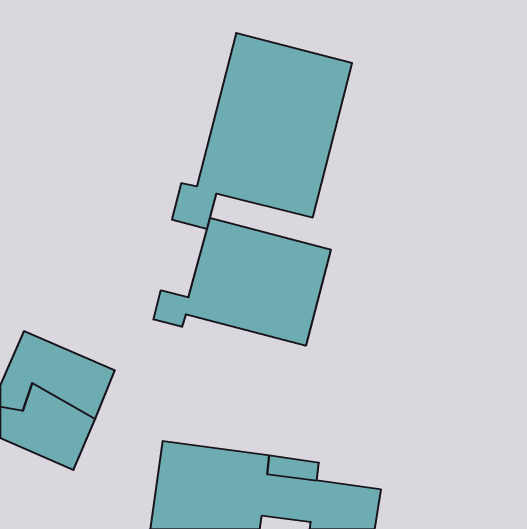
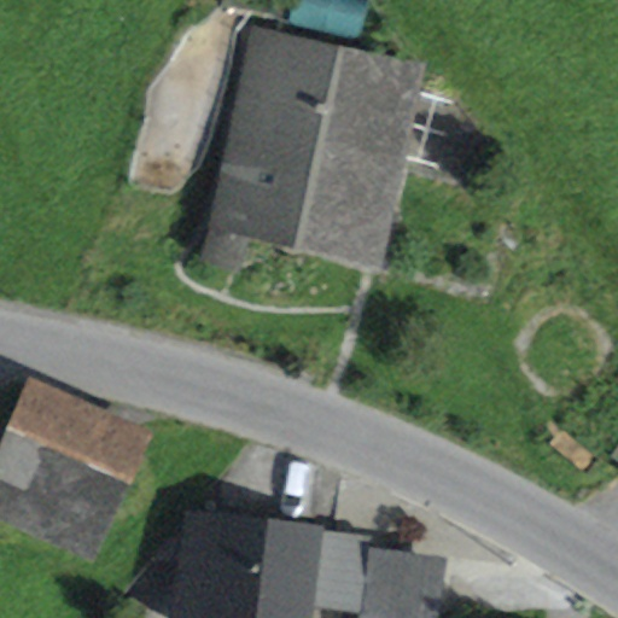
building: [153,218,331,346] -> none

